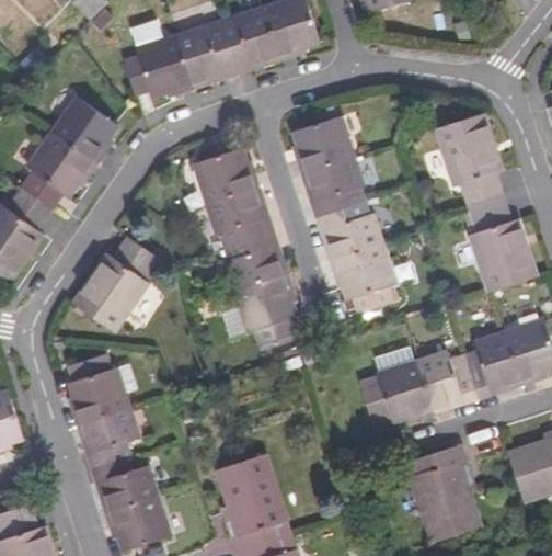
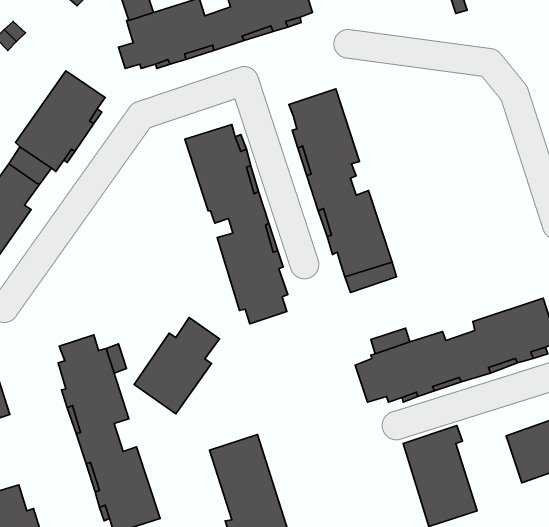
building: [435,113,536,292] -> none
building: [72,237,156,331] -> [134,317,219,414]

